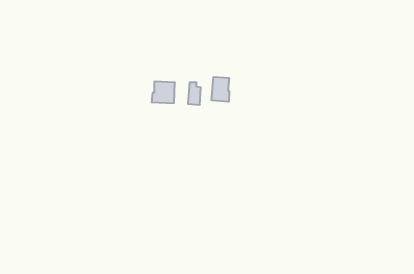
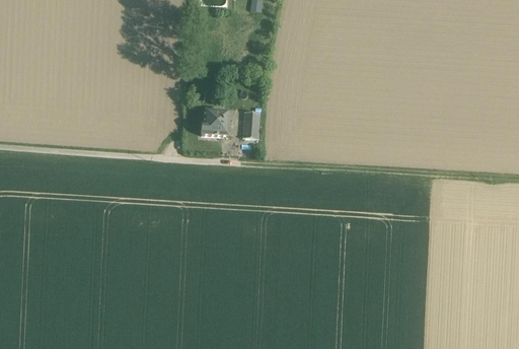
building: [212,77,229,102] -> none

